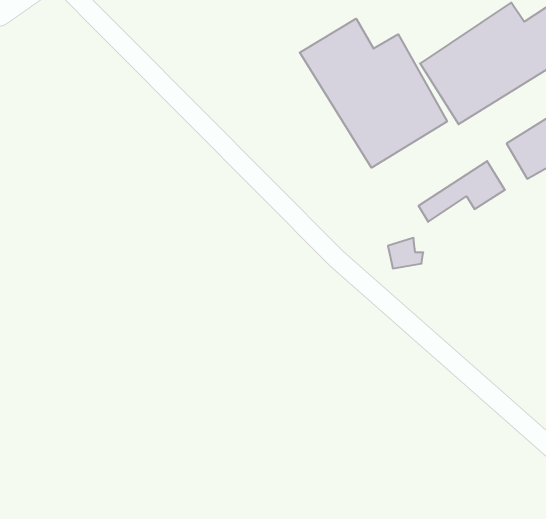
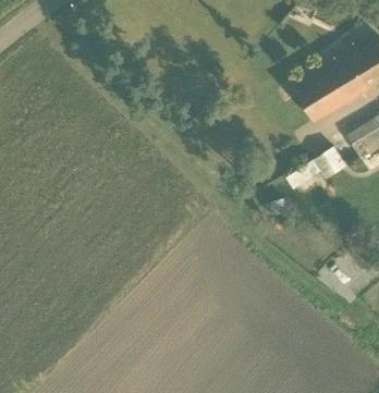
building: [300,19,447,168] -> none

